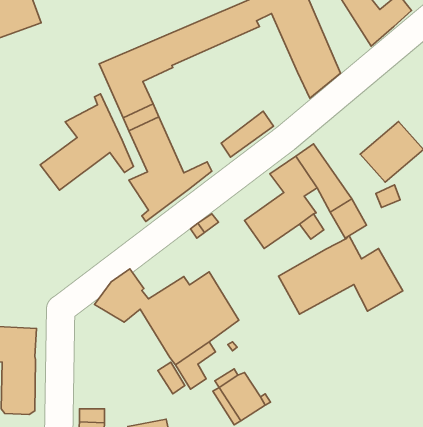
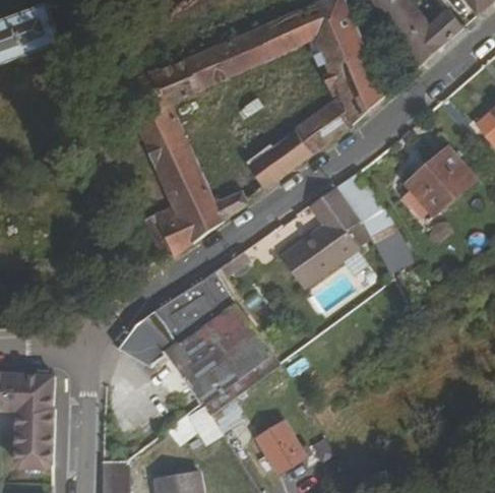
building: none -> [294,95,351,153]
building: [40,94,133,190] -> none
building: none -> [154,269,241,342]
building: [278,236,403,314] -> none

